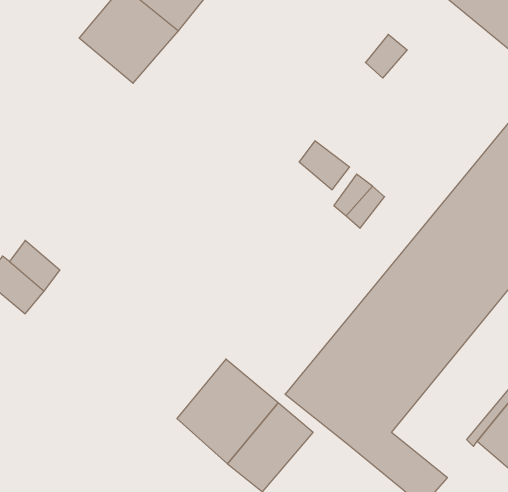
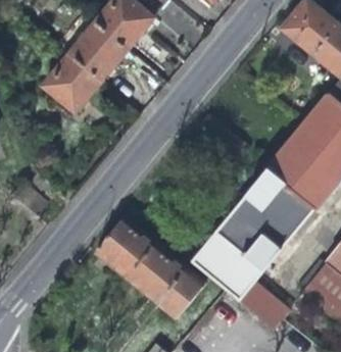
building: none -> [43,53,101,111]
building: none -> [96,214,155,275]

